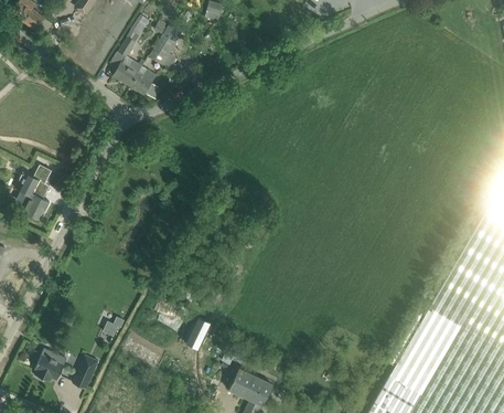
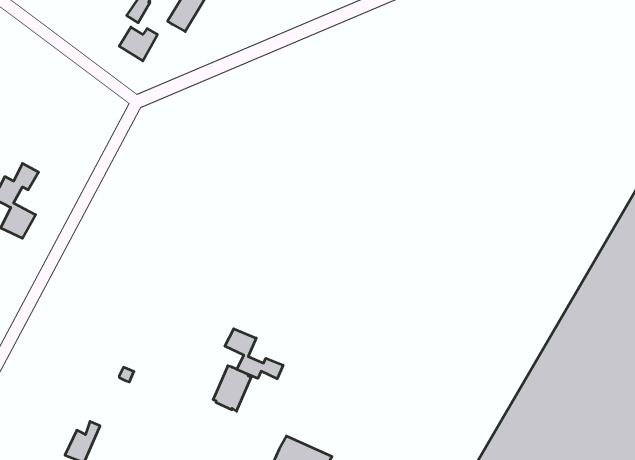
building: [130,66,160,98] -> none
building: none -> [225,329,283,379]
building: [34,349,66,381] -> none

